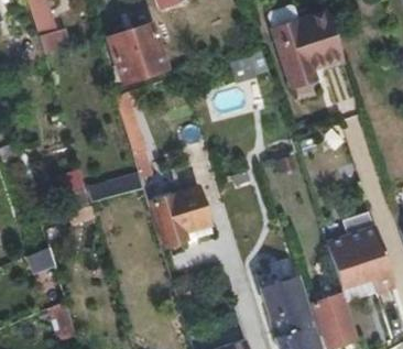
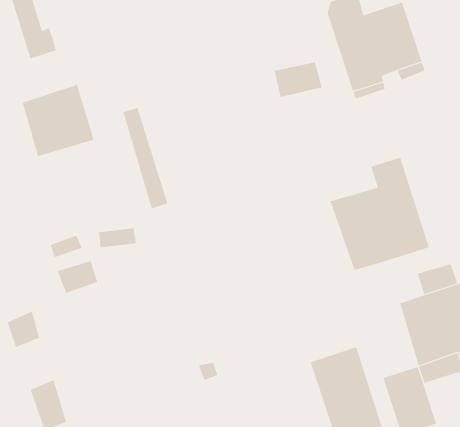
building: [109,23,165,79] -> [22,84,95,157]
building: none -> [330,157,430,271]
building: [139,165,208,241] -> none

